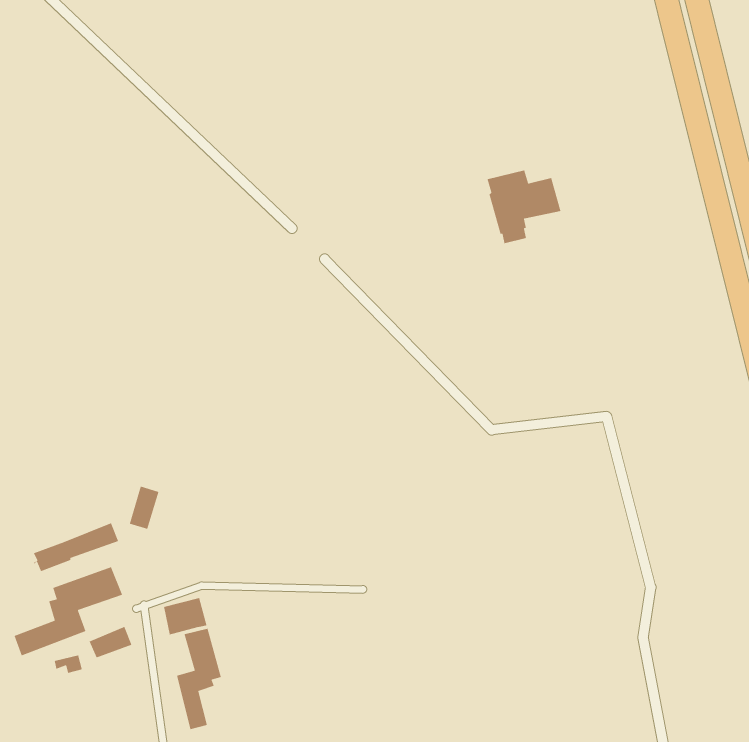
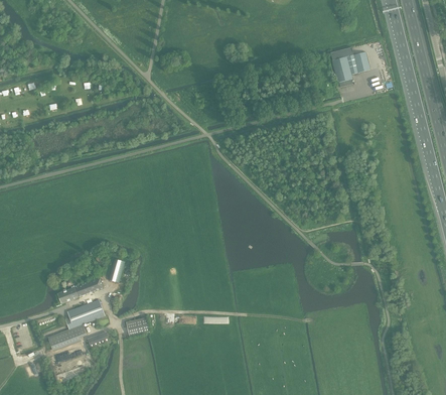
building: [487,169,561,244] -> [330,46,369,86]
building: [176,628,222,730] -> none

